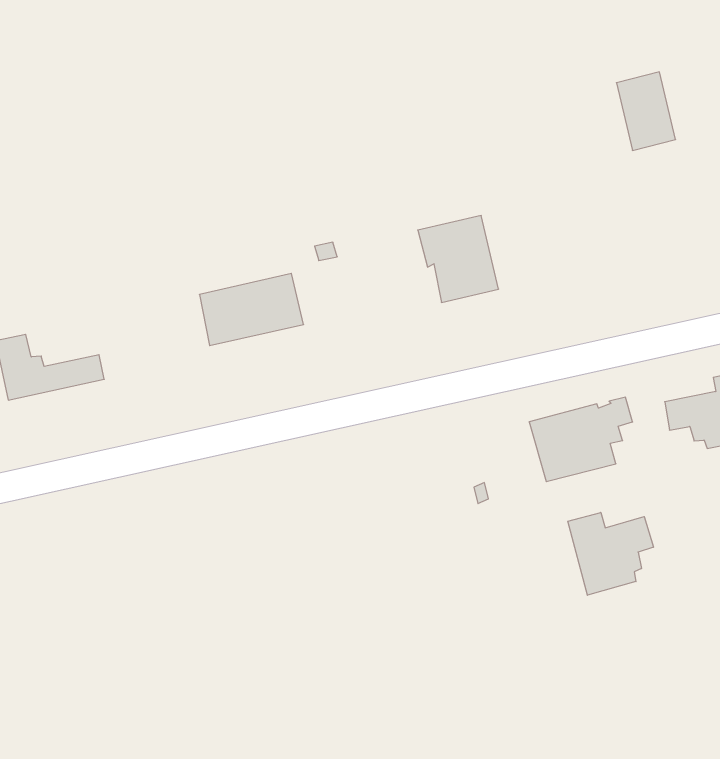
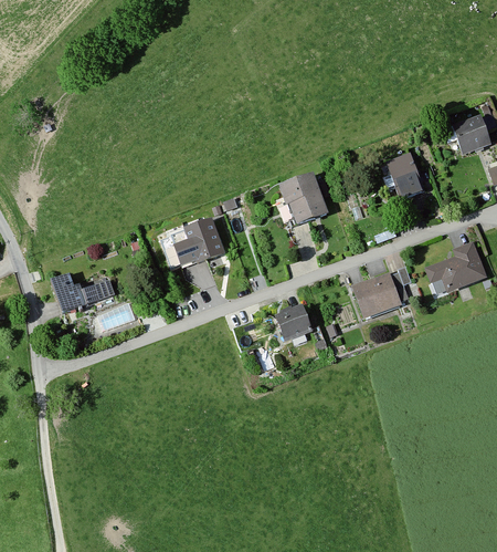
building: [616,72,676,150] -> [387,154,423,199]
building: none -> [275,302,314,341]
building: [568,512,653,595] -> none

